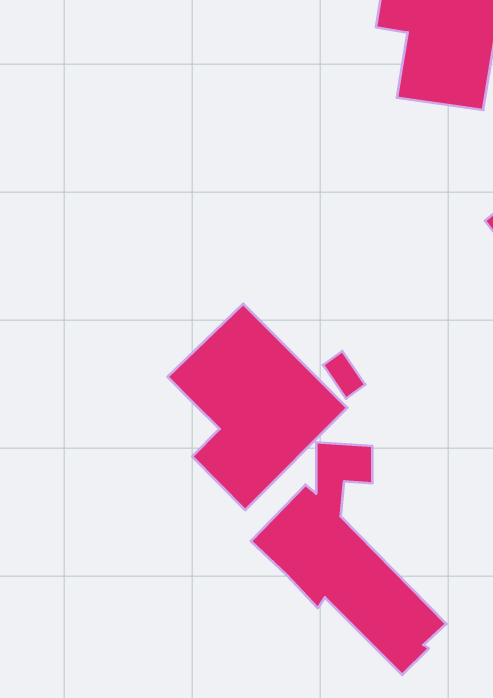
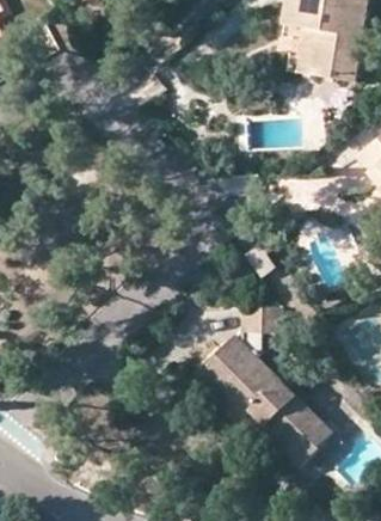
building: [168,304,347,510] -> none

